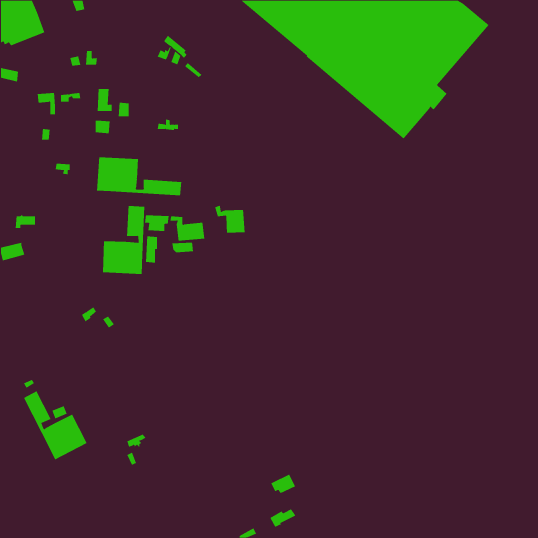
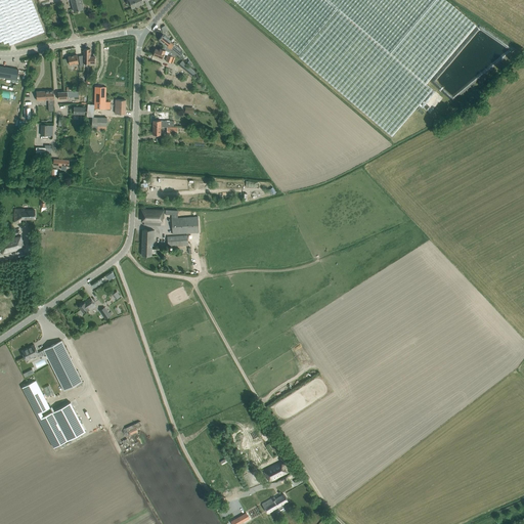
building: [96,156,182,196] -> none
building: [215,205,245,234] -> none
building: [102,205,145,275] -> none
building: none -> [21,340,82,390]

